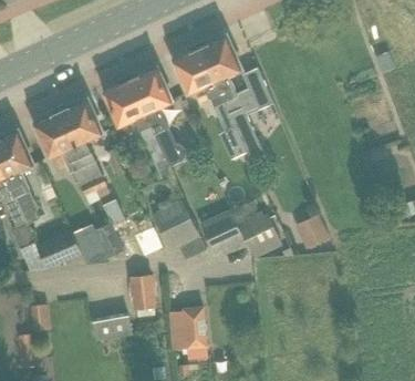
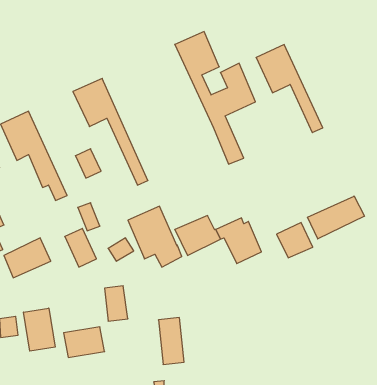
building: [172,47,235,130] -> [256,45,323,133]
building: [129,66,185,175] -> none
building: [60,97,106,189] -> none
building: none -> [307,196,364,239]
building: none -> [24,308,55,351]

